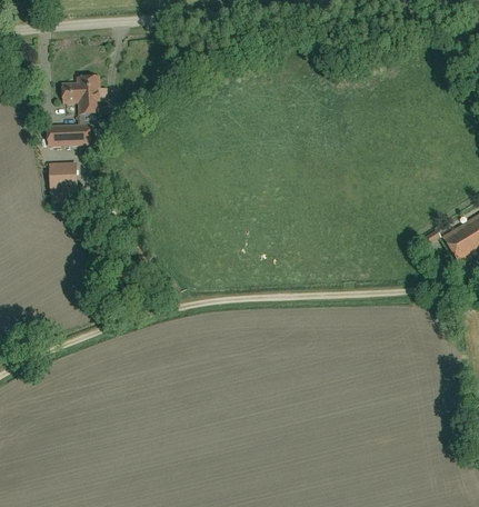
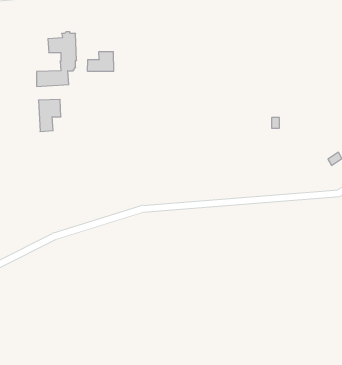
building: none -> [88,52,114,71]

